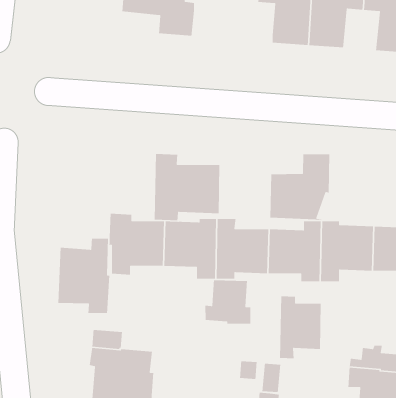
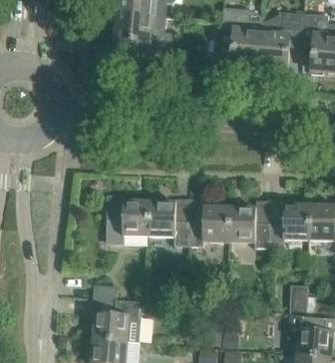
building: [154,153,220,221] -> none
building: [270,153,330,221] -> none
building: [58,238,110,314] -> none
building: [205,279,251,325] -> none
building: [279,296,322,359] -> none

